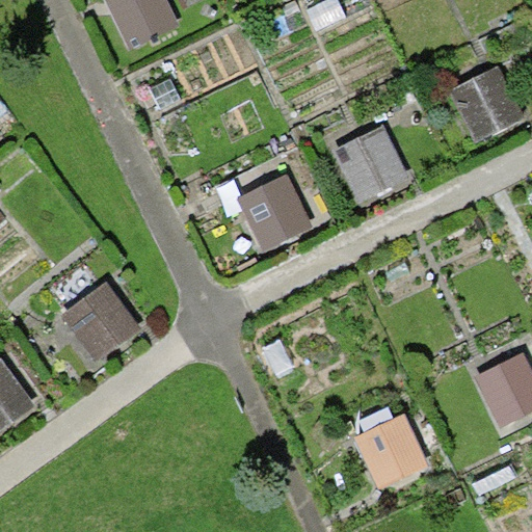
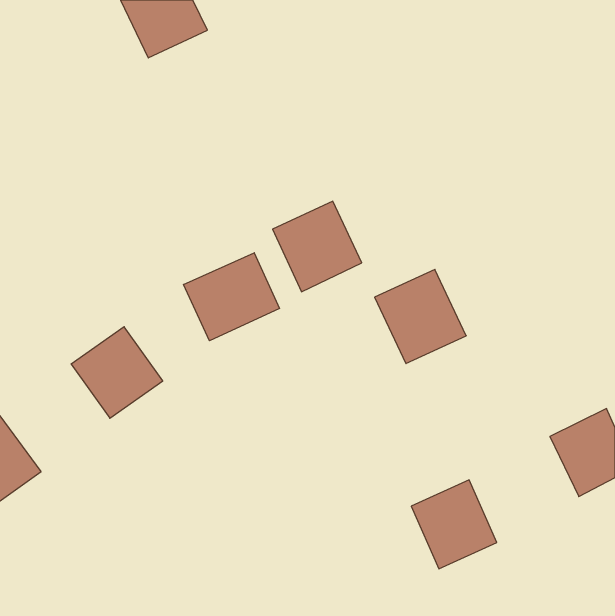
building: [449,65,525,142] -> none
building: [331,125,410,206] -> [375,269,466,364]
building: none -> [184,253,279,341]

